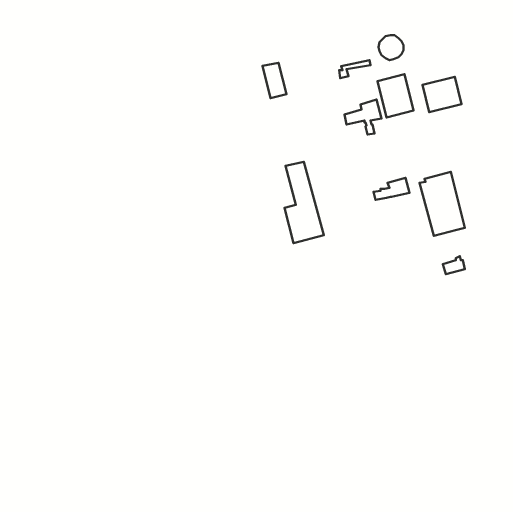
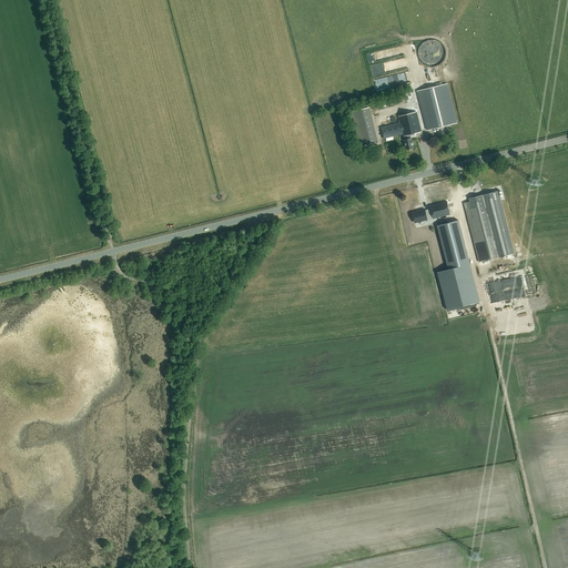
building: [262,63,286,98] -> [352,108,378,146]
building: [422,77,462,112] -> none
building: [285,162,324,243] -> [436,221,479,311]

